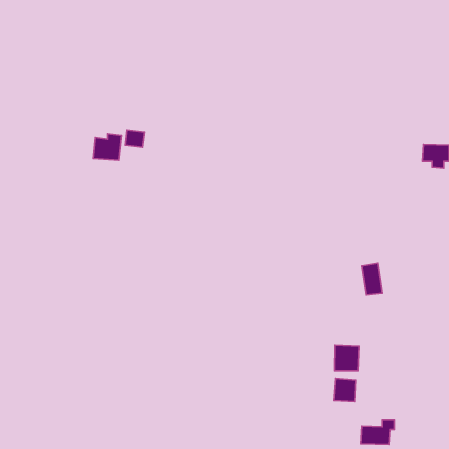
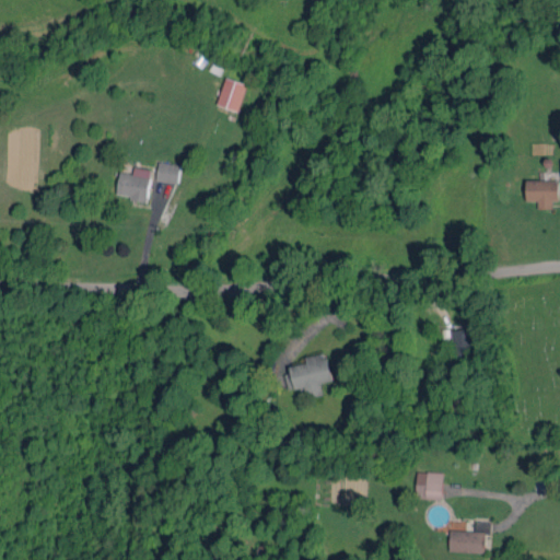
building: none -> [217,79,245,112]
building: none -> [282,353,331,398]
building: [335,345,359,371] -> none

